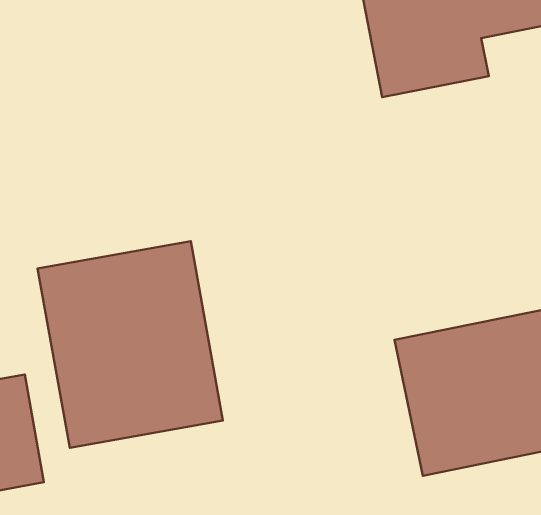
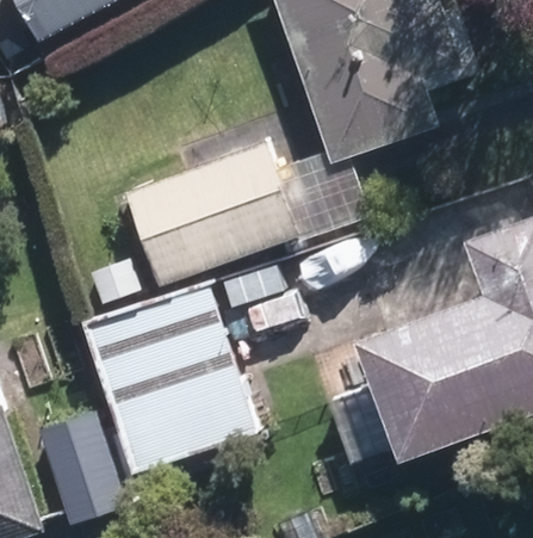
building: none -> [129,150,287,282]

